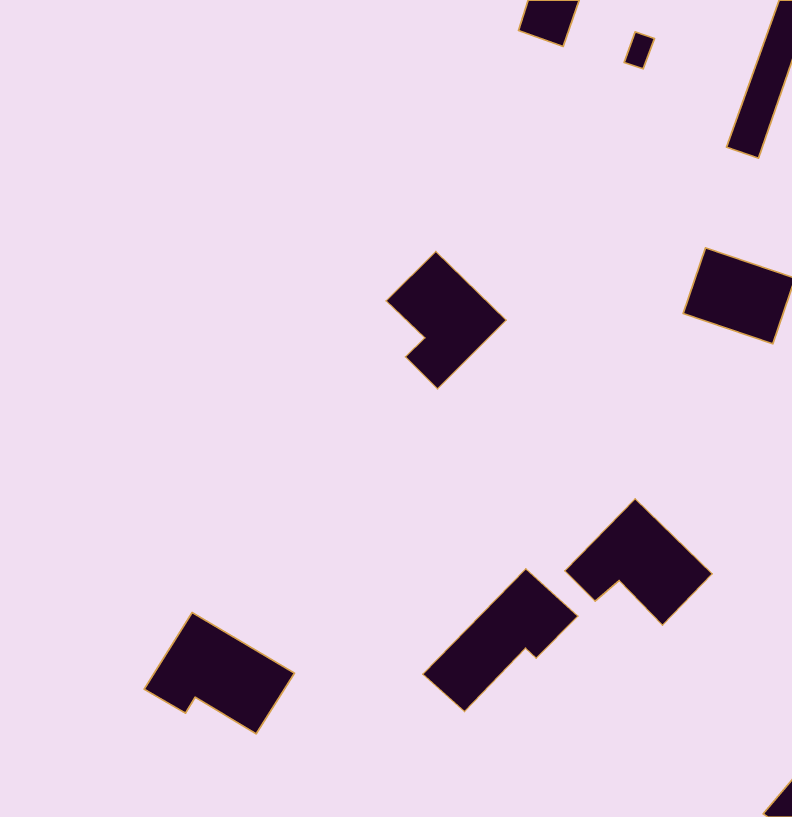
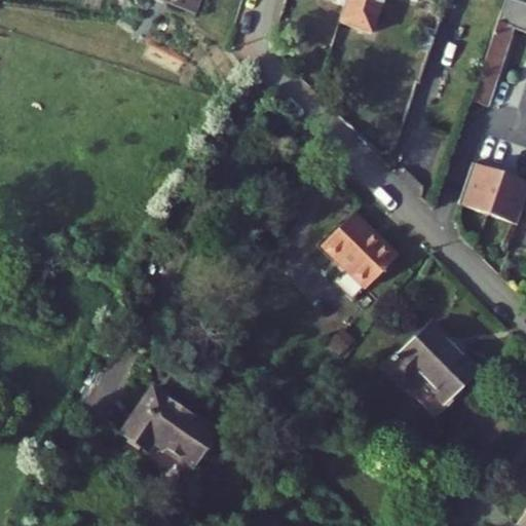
building: [386,251,506,389] -> [317,214,394,302]
building: [423,569,578,711] -> none

